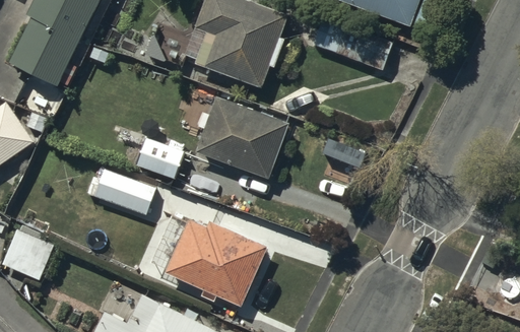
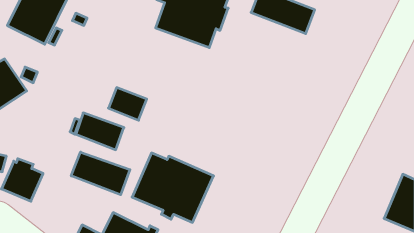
building: [196,97,289,179] -> none
building: none -> [71,152,130,195]

